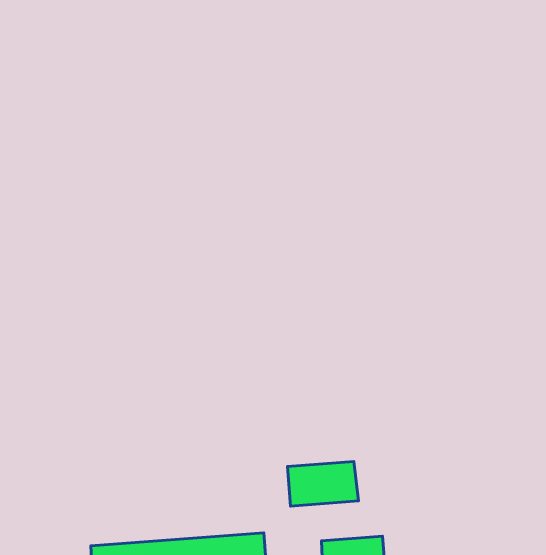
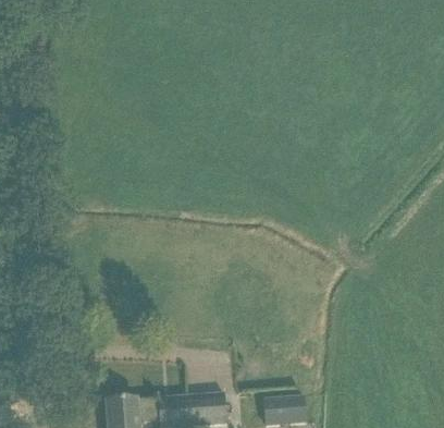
building: [287,462,359,506] -> none

